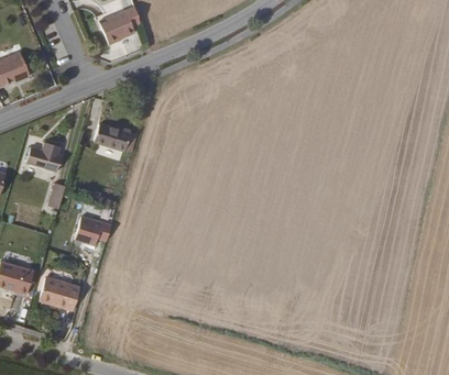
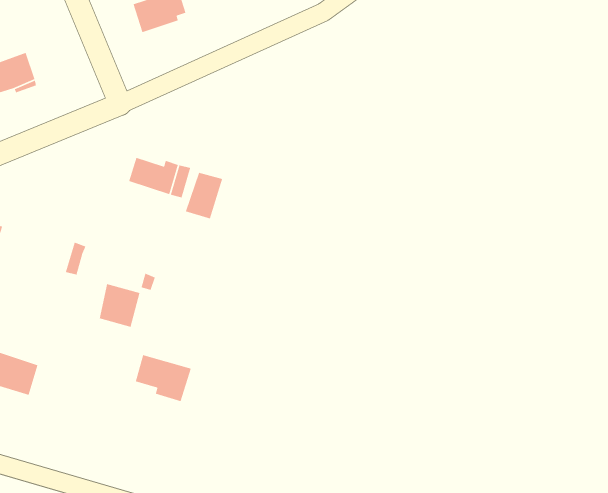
building: none -> [185,172,223,219]
building: [28,143,65,175] -> none
building: [41,277,81,311] -> [135,354,192,402]

